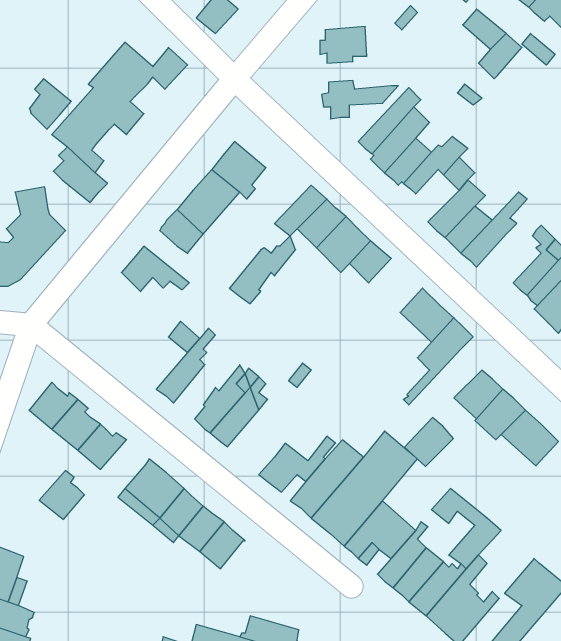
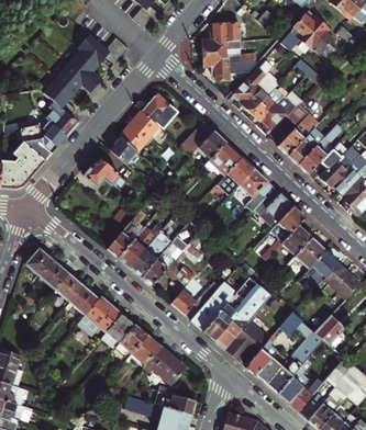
building: none -> [280,21,317,49]
building: none -> [201,38,254,65]
building: [29,79,71,129] -> [37,118,64,150]
building: none -> [320,142,348,185]
building: [229,236,296,304] -> [117,226,158,269]
building: none -> [240,168,274,211]
building: [405,418,453,466] -> [280,225,311,256]
building: [39,471,85,519] -> [70,282,99,313]
building: none -> [314,314,345,344]
building: none -> [145,346,186,384]

